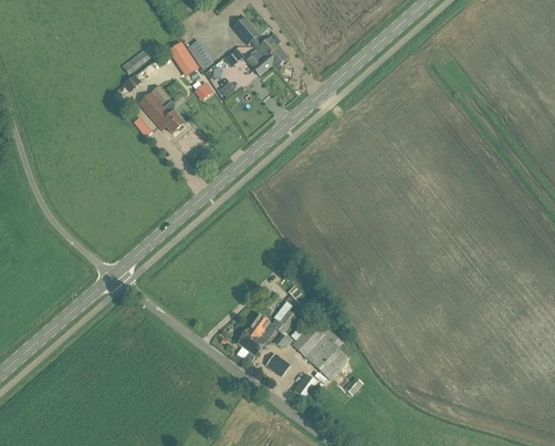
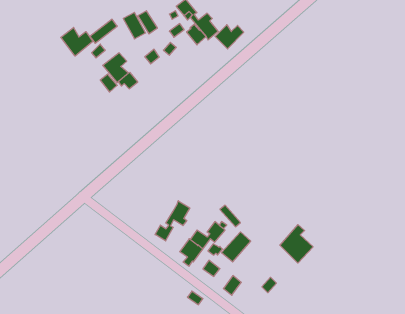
building: none -> [215,25,244,49]
building: none -> [61,27,93,56]
building: none -> [155,201,190,241]
building: [306,329,349,378] -> [280,225,313,263]

